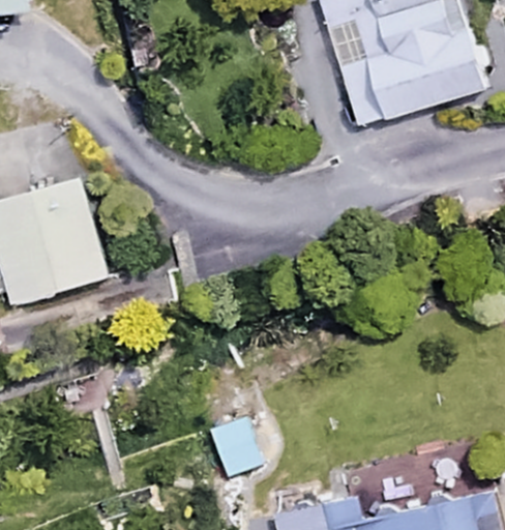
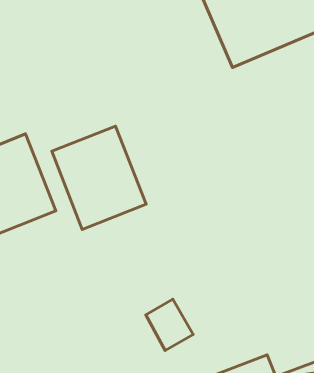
building: none -> [52,126,146,230]

